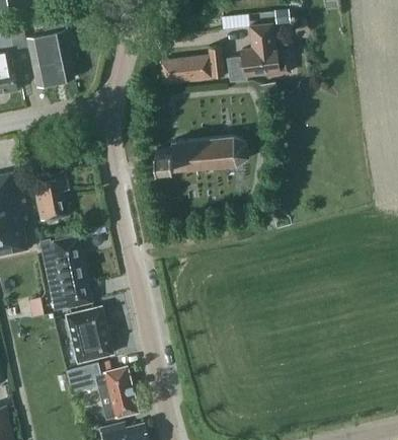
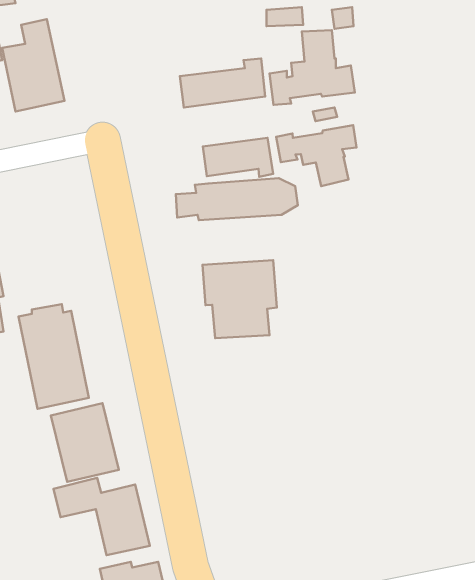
building: none -> [276,125,357,186]
building: none -> [203,138,273,177]
building: [32,171,69,222] -> none
building: none -> [202,260,277,338]

